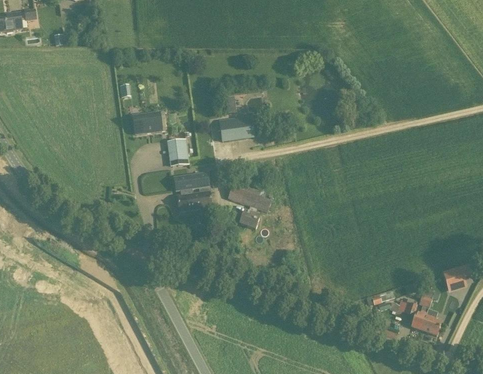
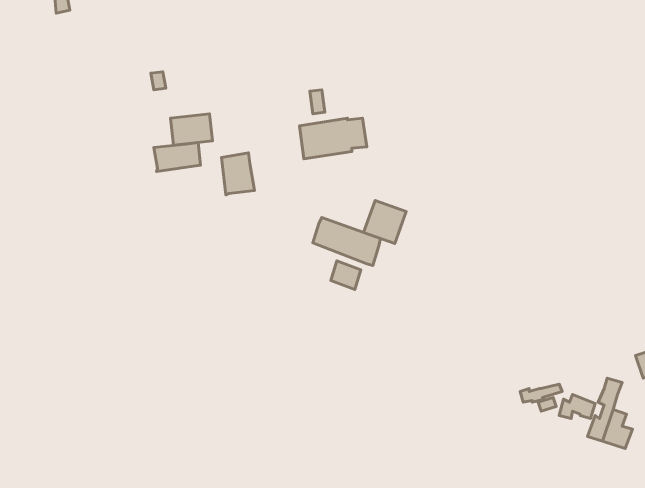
building: none -> [154,142,200,171]
building: none -> [364,201,406,243]
building: [174,172,212,211] -> none

